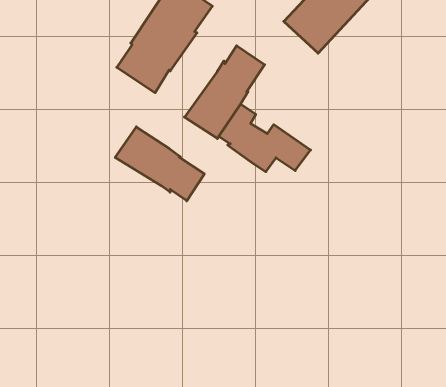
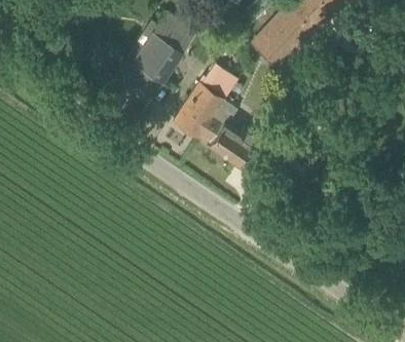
building: [115,127,204,201] -> none

